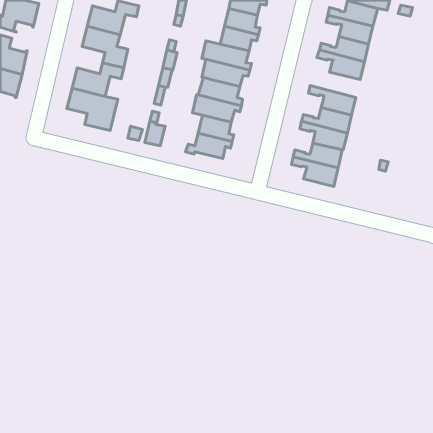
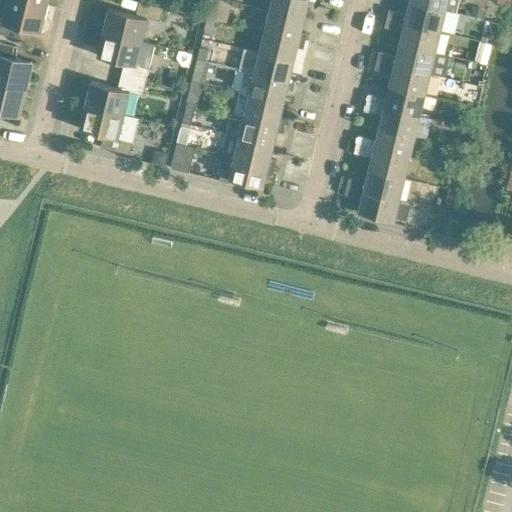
building: none -> [366,85,425,115]

